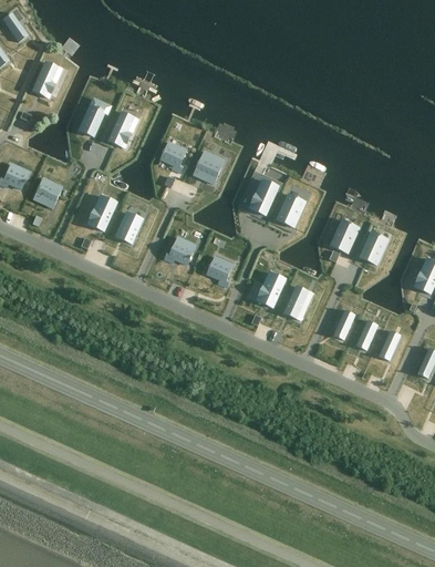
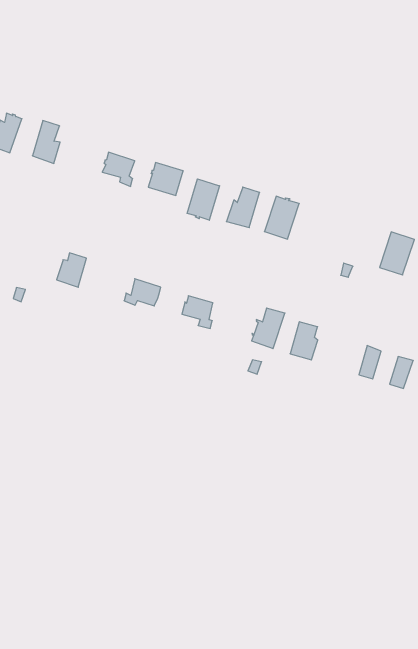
building: none -> [187,179,220,220]
building: [87,198,115,229] -> none
building: [331,217,359,250] -> none

